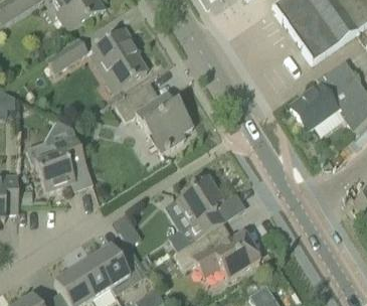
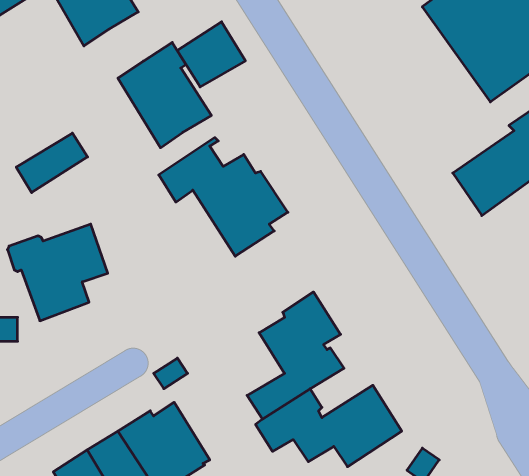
building: none -> [177,22,245,87]
building: [46,36,88,71] -> [16,133,88,193]

